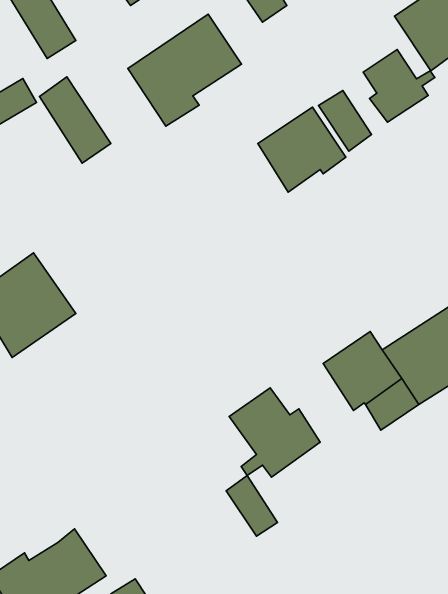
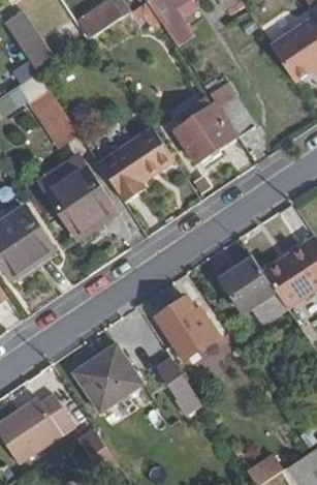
building: [128,14,242,126] -> [97,123,175,200]
building: [363,49,435,122] -> none
building: none -> [47,164,117,231]
building: none -> [71,343,140,411]

